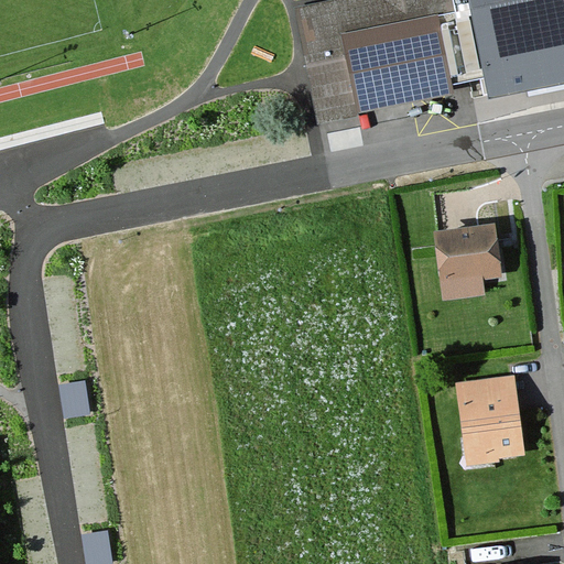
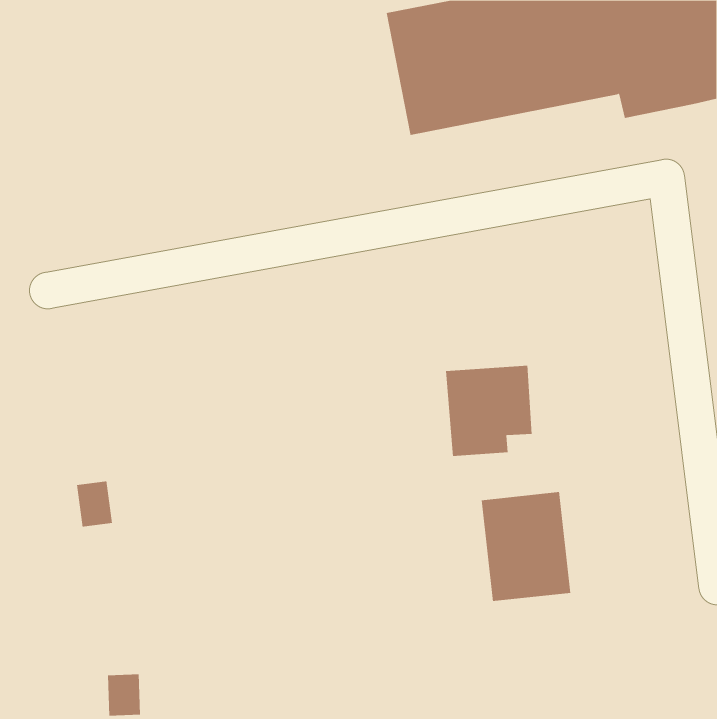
building: [438,225,507,296] -> [445,365,532,457]
building: [457,376,528,462] -> [481,492,571,602]

